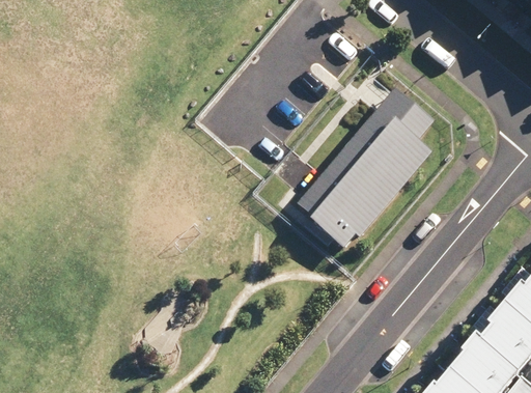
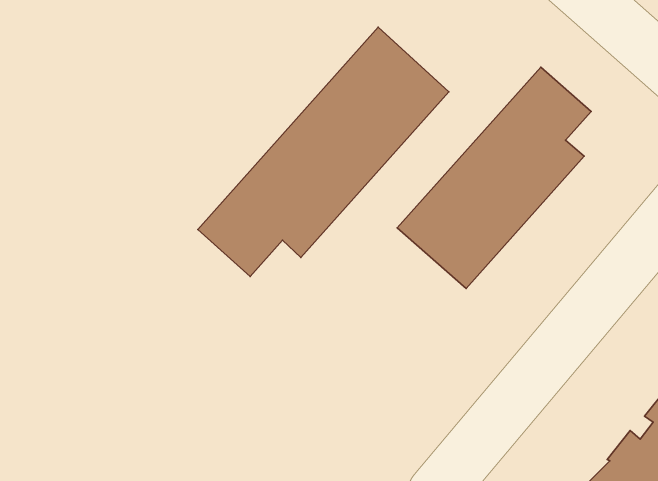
building: none -> [198,27,449,276]

